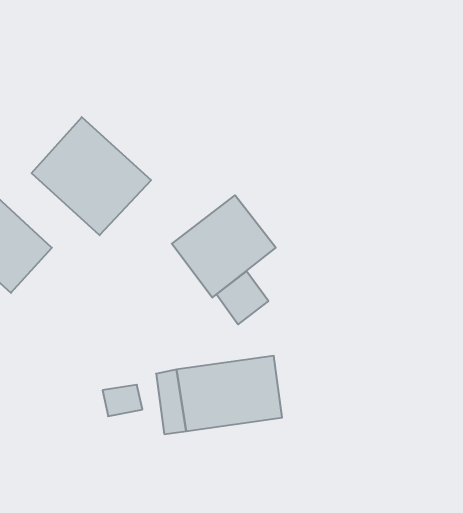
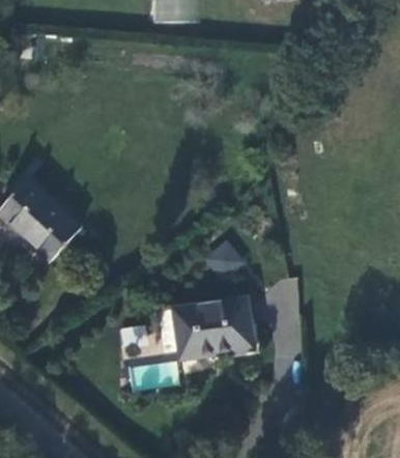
building: [32,117,151,235] -> none
building: [172,195,276,298] -> none

